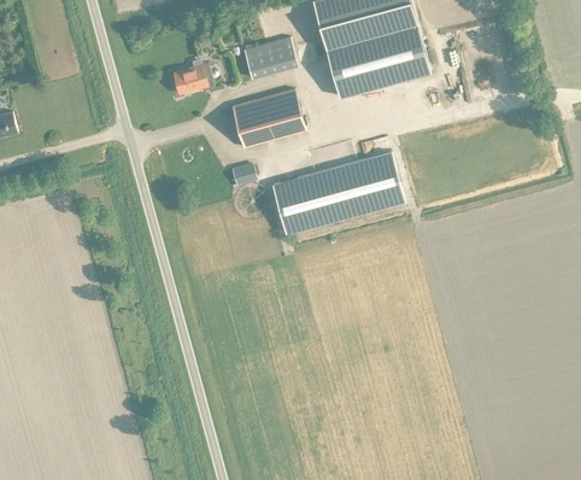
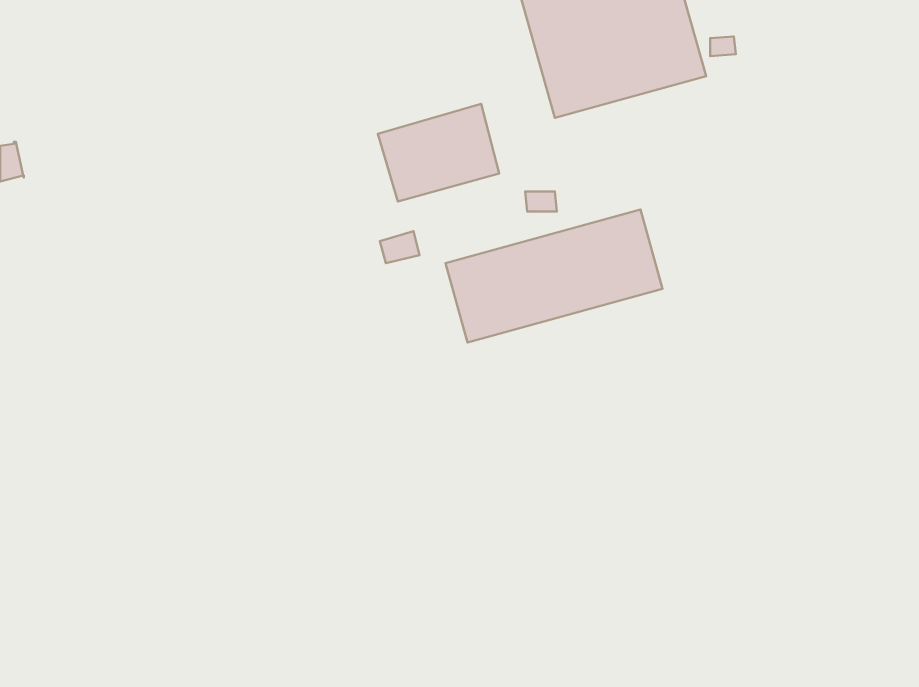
building: [242,36,298,77] -> none
building: [172,64,207,93] -> none

